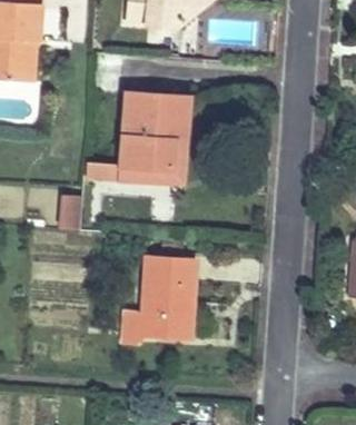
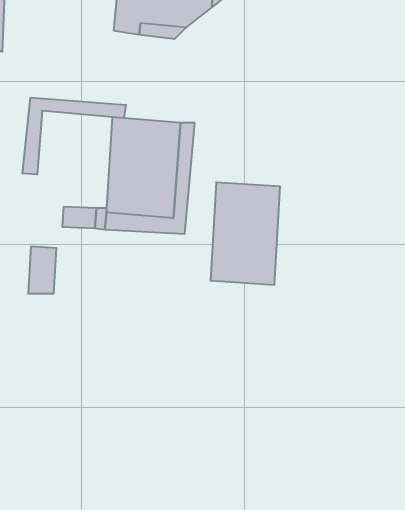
building: none -> [22,98,126,175]
building: [141,257,196,337] -> [210,182,280,285]

